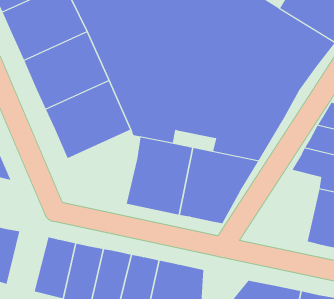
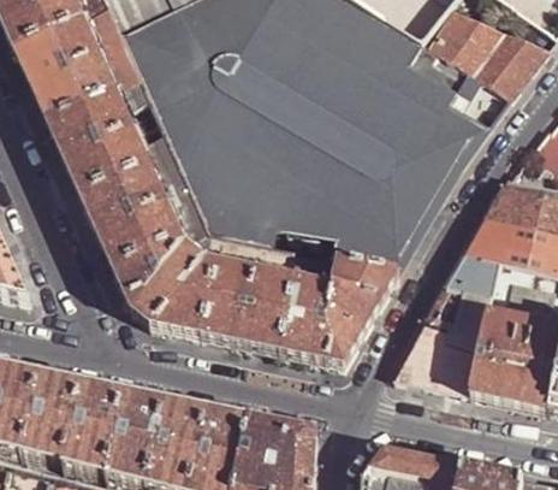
building: none -> [112,223,220,333]
building: none -> [393,283,489,390]
building: none -> [23,374,83,465]

